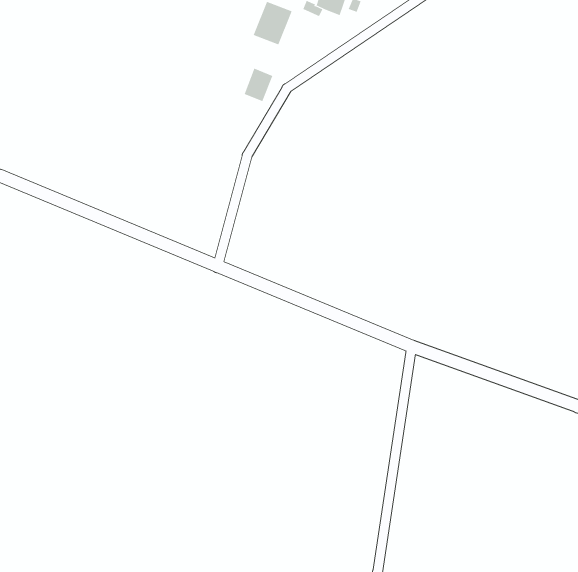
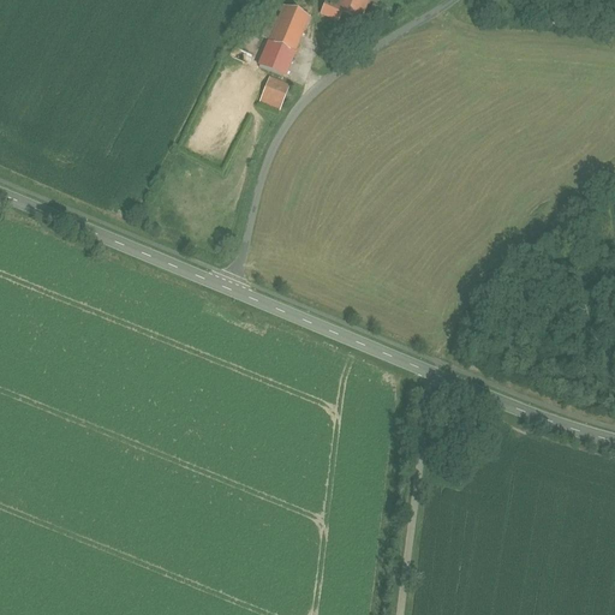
building: none -> [257,36,295,73]

